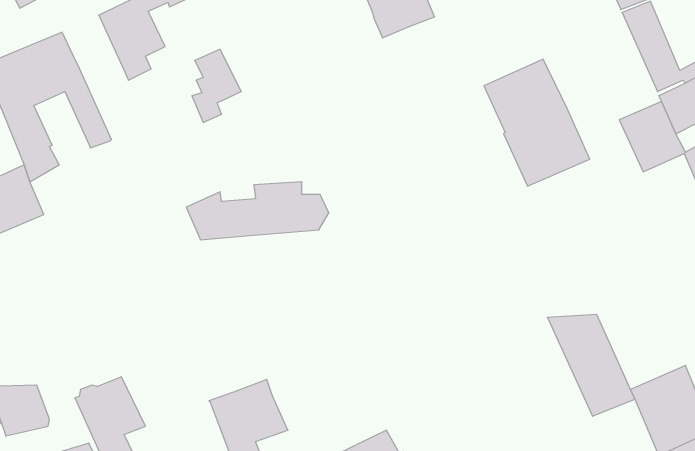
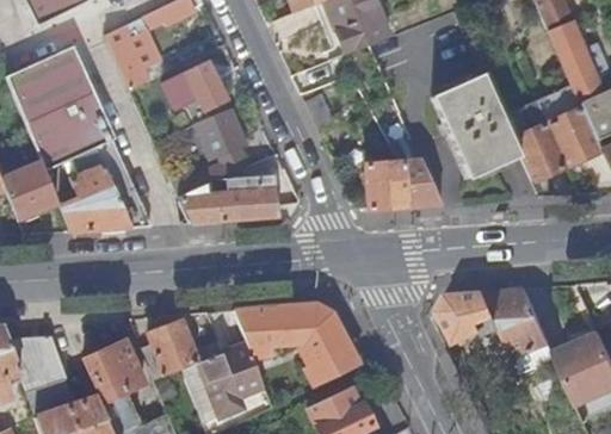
building: none -> [50,98,154,231]
building: none -> [501,104,566,180]
building: none -> [169,110,245,196]
building: none -> [364,154,440,209]
building: none -> [440,289,516,364]
building: none -> [235,302,359,384]
building: none -> [141,318,222,378]

